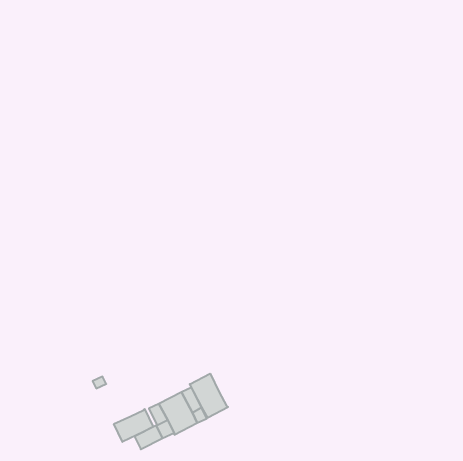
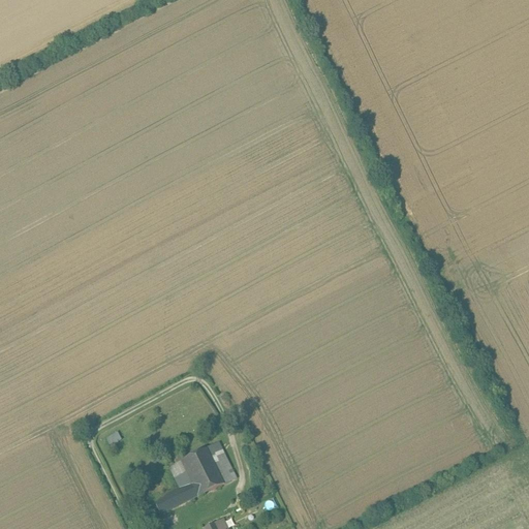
building: [190,374,228,418] -> none
building: [114,409,153,442] -> none

